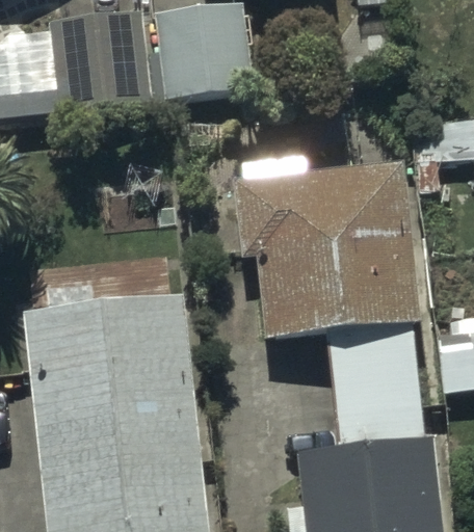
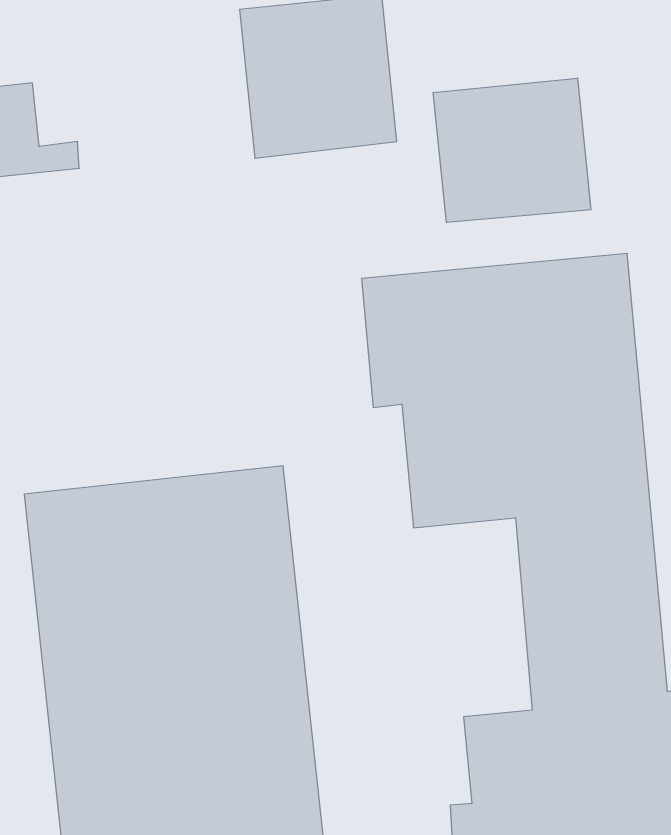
building: [52,11,154,112] -> none
building: none -> [433,78,591,223]

